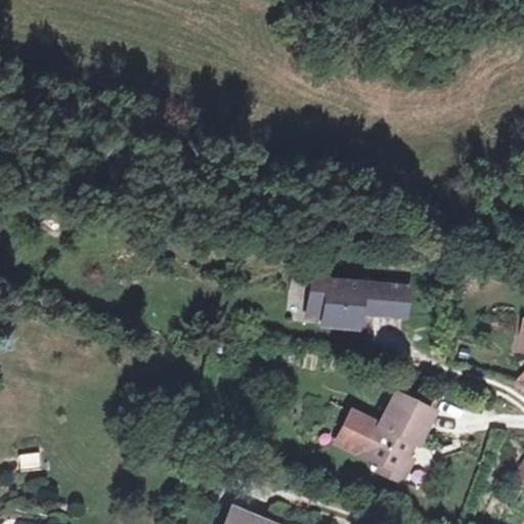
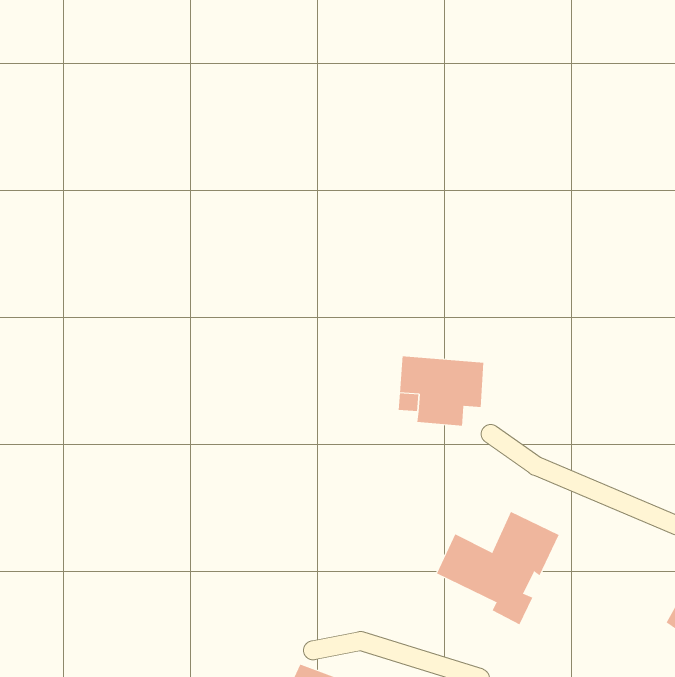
building: [374,280,409,317] -> none

